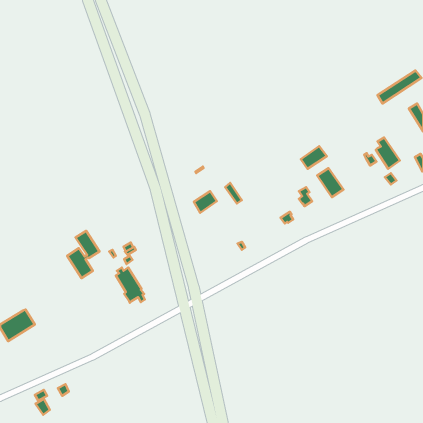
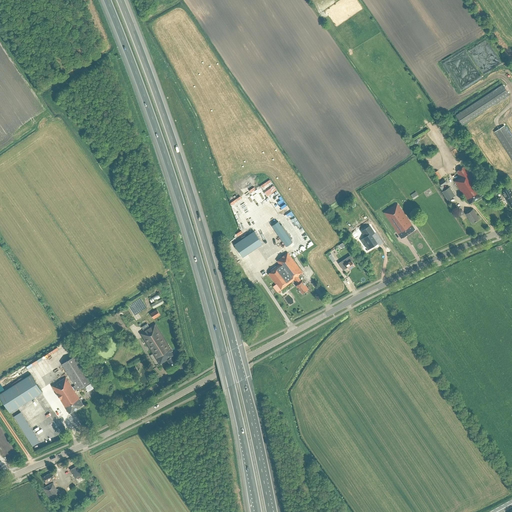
building: [301,146,327,169] -> none
building: none -> [268,252,308,293]
building: [67,231,100,278] -> [52,356,91,413]

